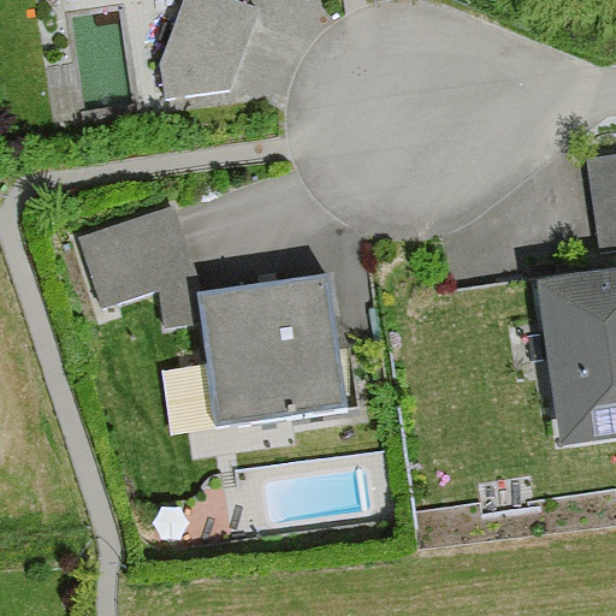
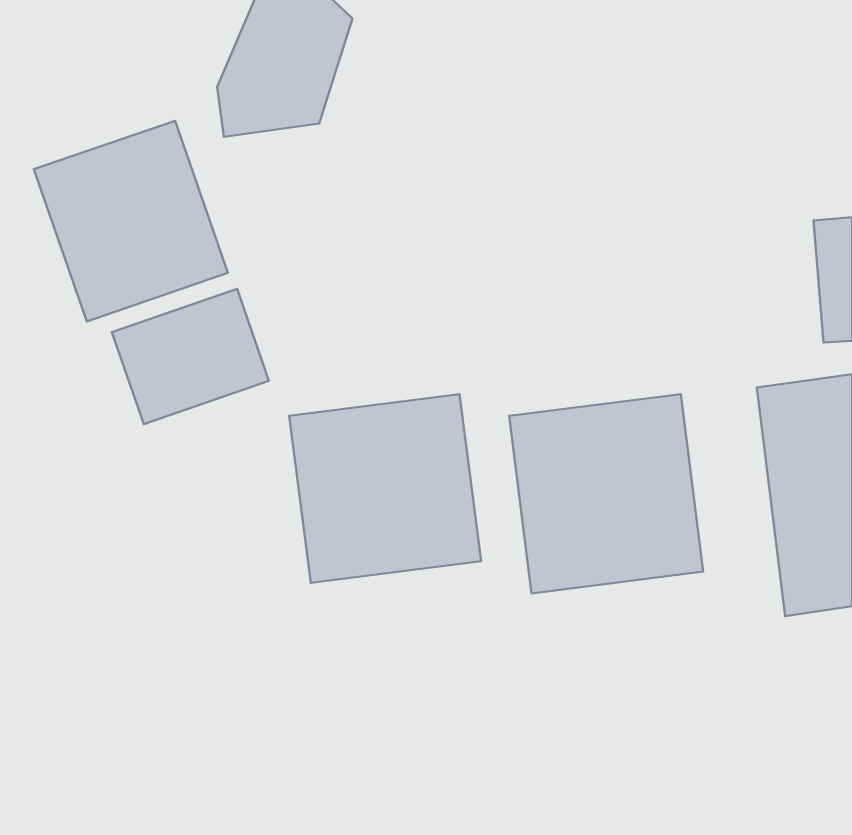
building: none -> [34,121,228,321]
building: none -> [509,394,703,594]

